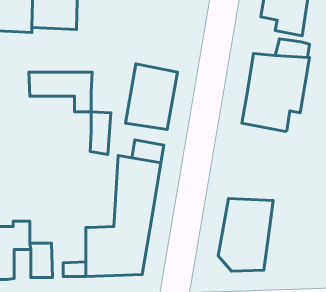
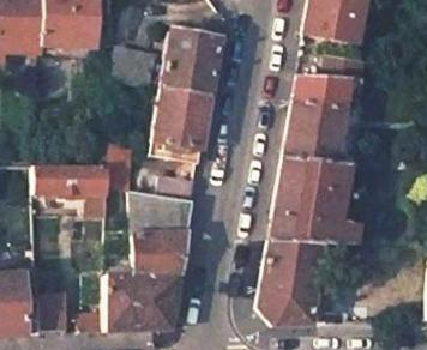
building: none -> [163,29,221,96]
building: [29,72,92,112] -> [38,164,112,210]
building: none -> [270,155,357,245]

